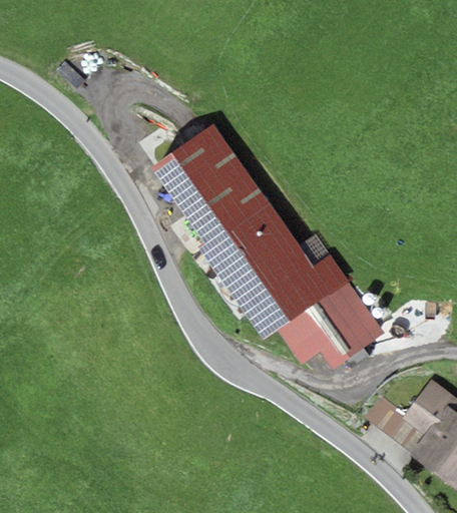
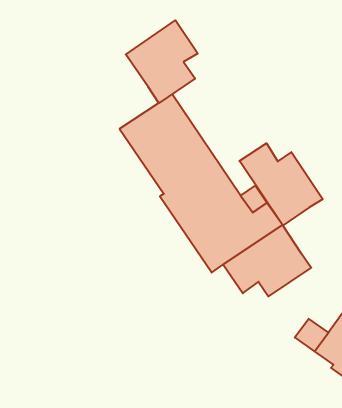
building: none -> [126,20,198,103]
building: none -> [239,143,323,226]

